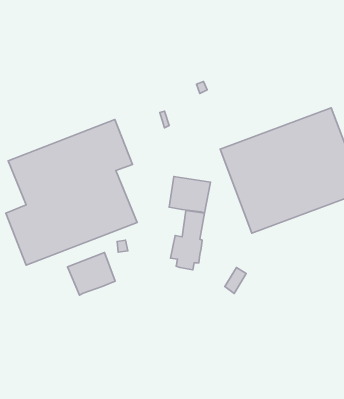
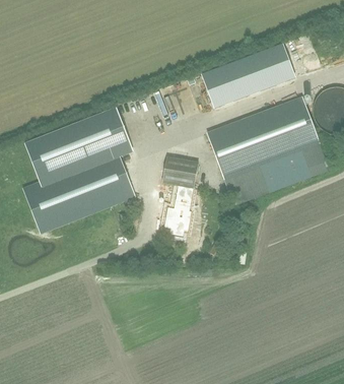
building: none -> [202,44,294,107]
building: [68,253,115,295] -> none

